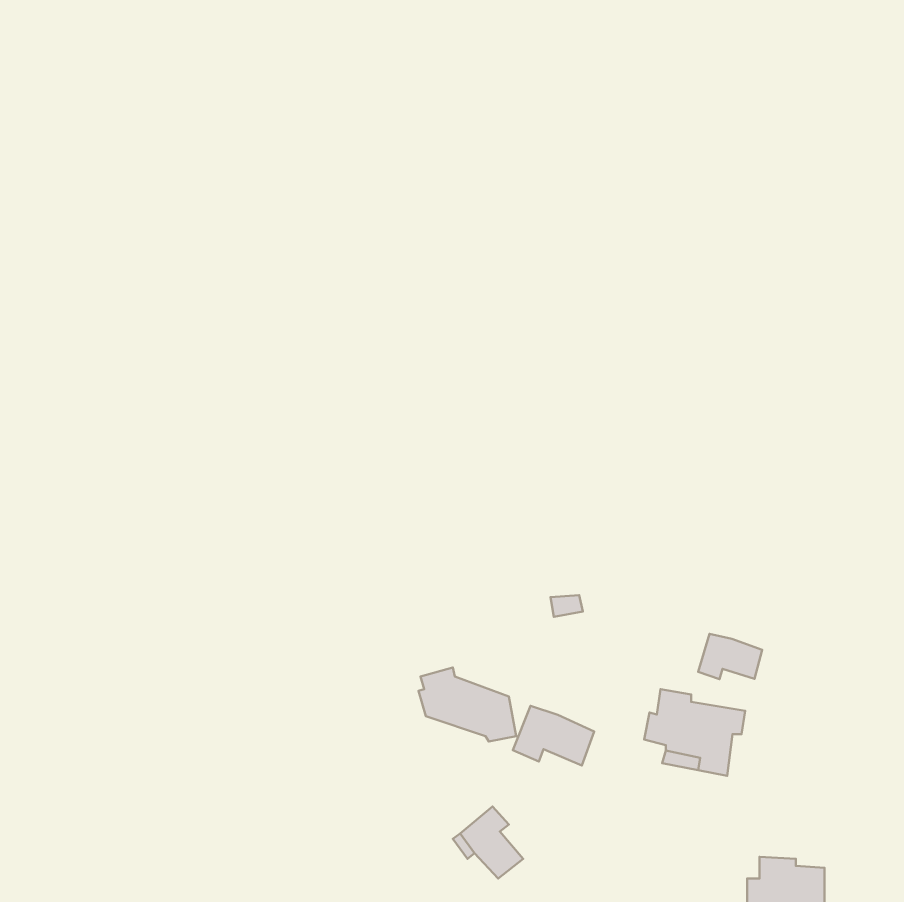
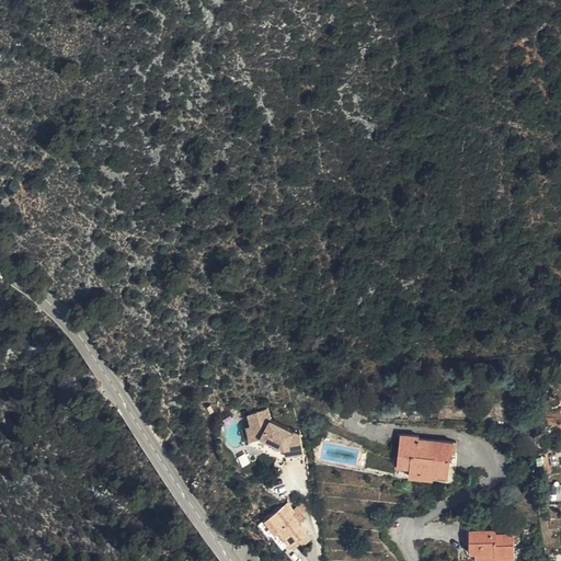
building: [698,634,762,679] -> none
building: [513,706,594,766] -> none

